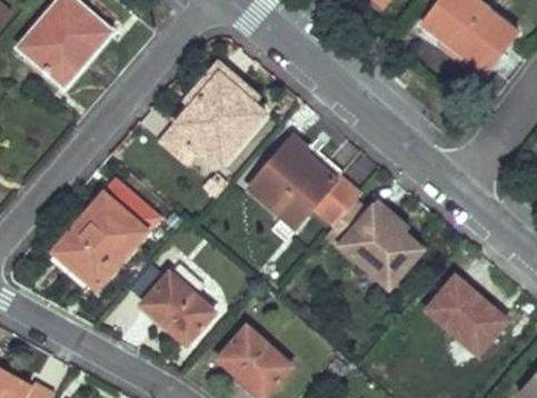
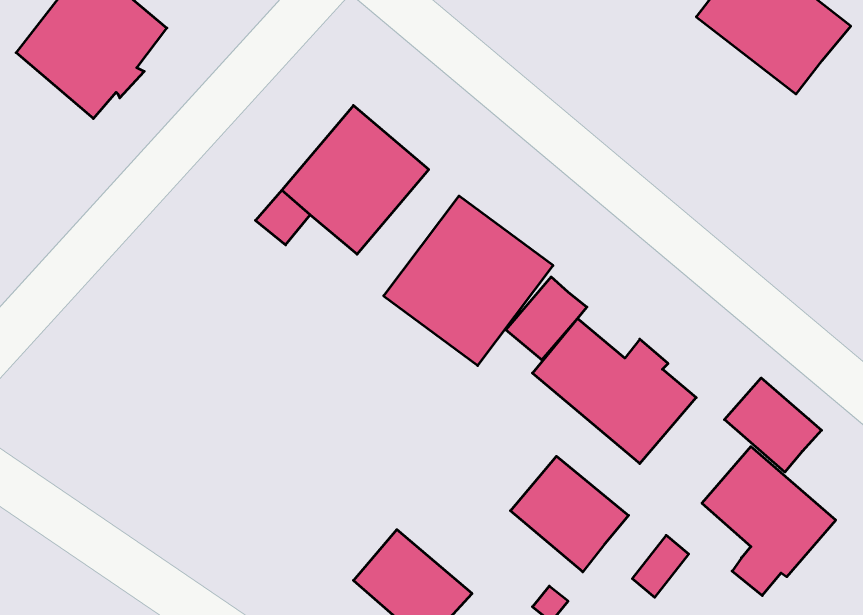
building: [61,181,159,282] -> none
building: none -> [724,378,822,472]
building: [145,275,213,341] -> none
building: none -> [510,456,629,572]

